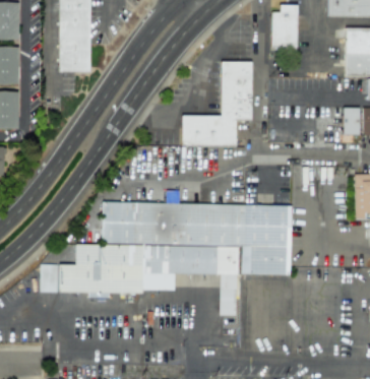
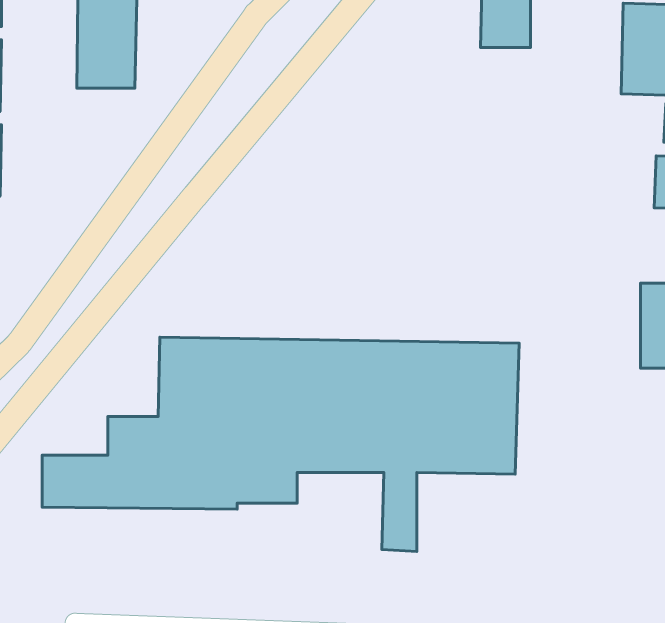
building: [182,63,253,150] -> none
building: [344,108,361,135] -> none

